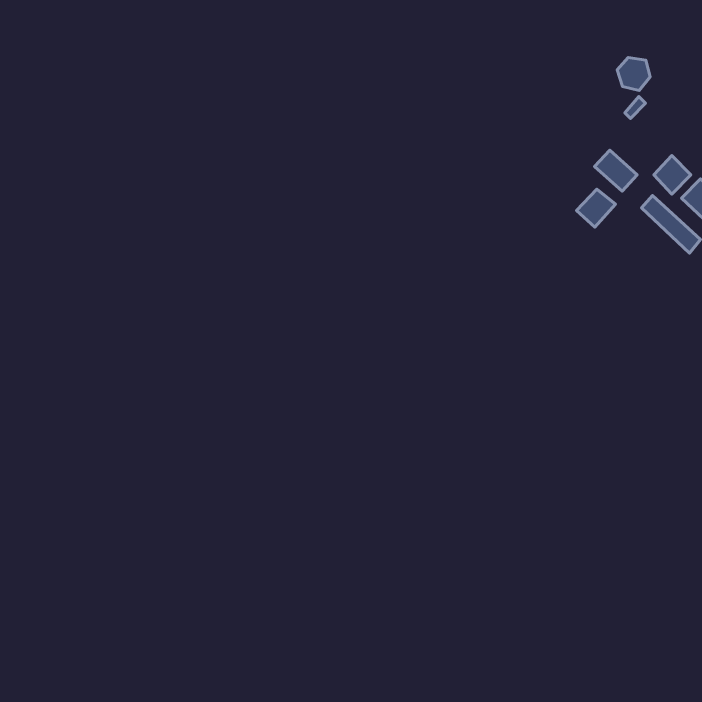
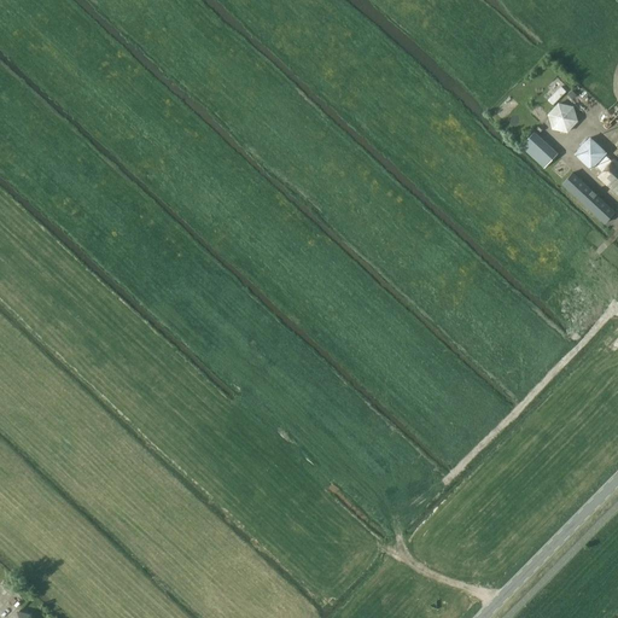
building: [617,58,650,91] -> [549,103,578,132]
building: [576,189,615,227] -> none

